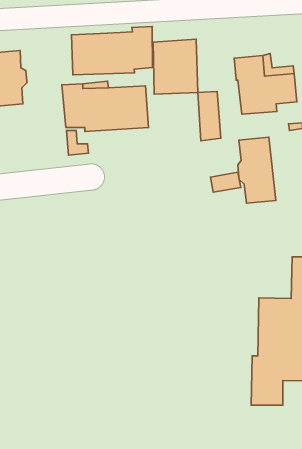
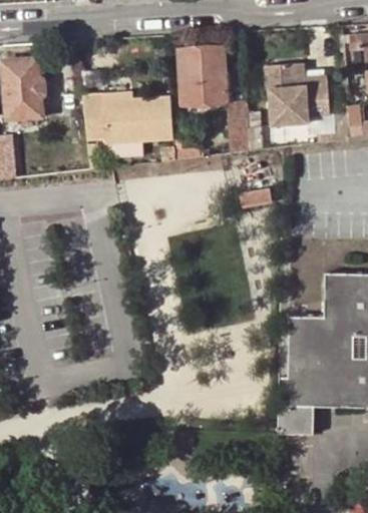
building: [72,26,152,75] -> none
building: [238,137,276,203] -> none

